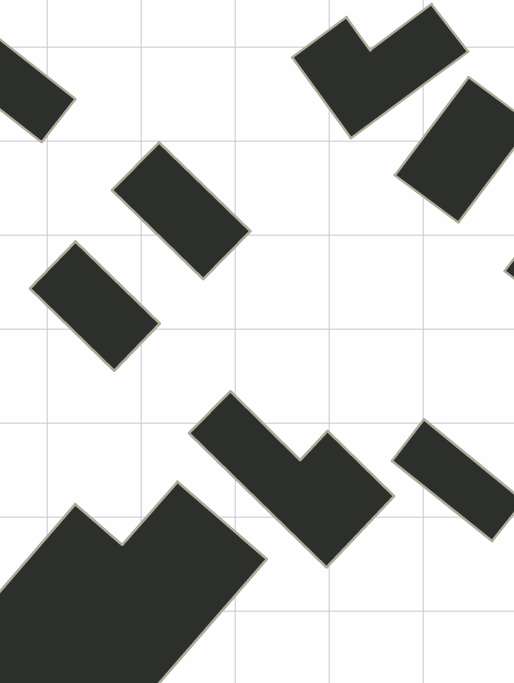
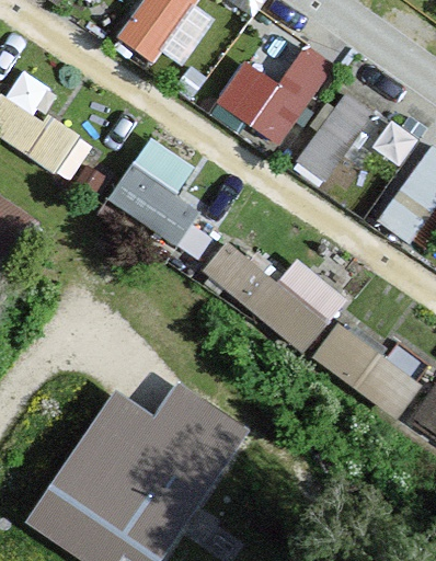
building: [30,241,160,371] -> none
building: [189,391,394,567] -> [202,239,346,352]

